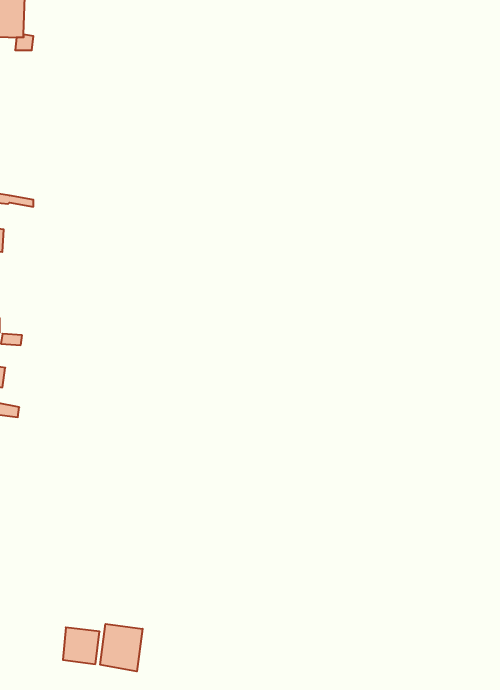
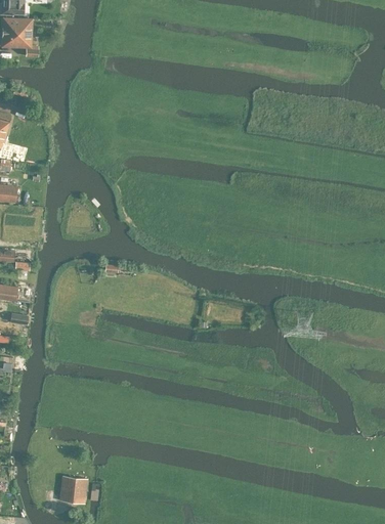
building: [100,624,143,671] -> none

